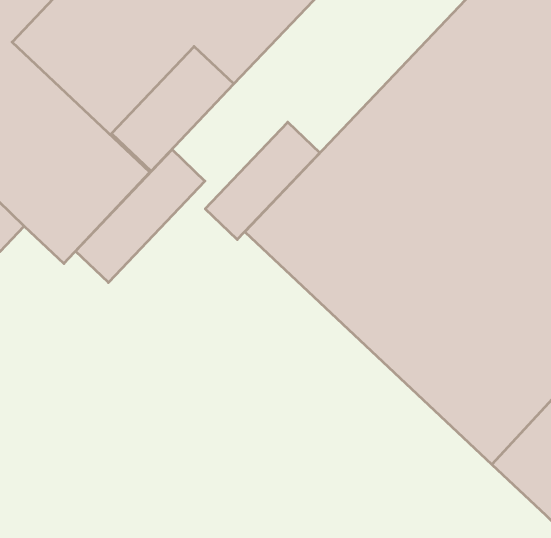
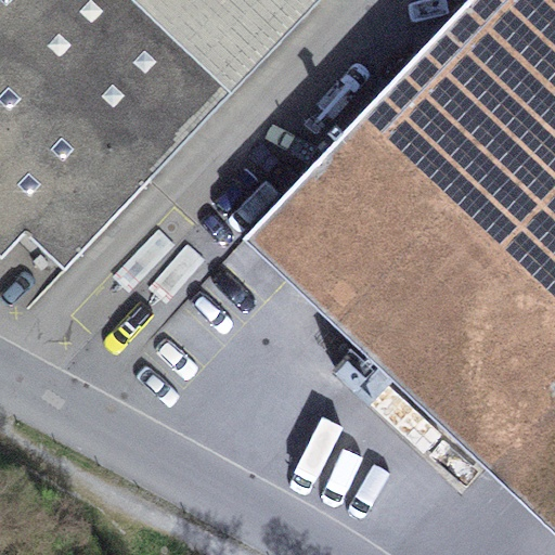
building: [205,122,320,240] -> none
building: [76,150,205,283] -> none

